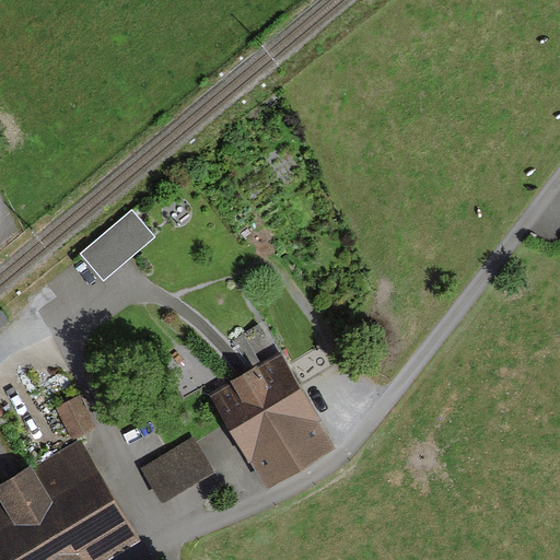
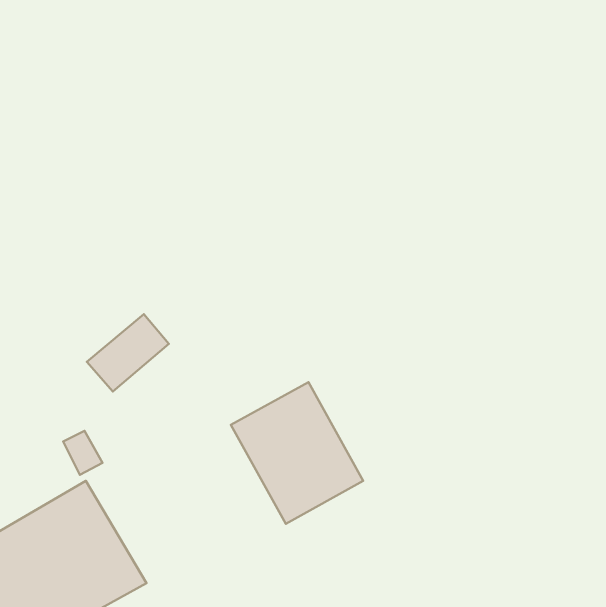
building: [78,211,153,282] -> [87,314,169,391]
building: [140,436,213,502] -> none

